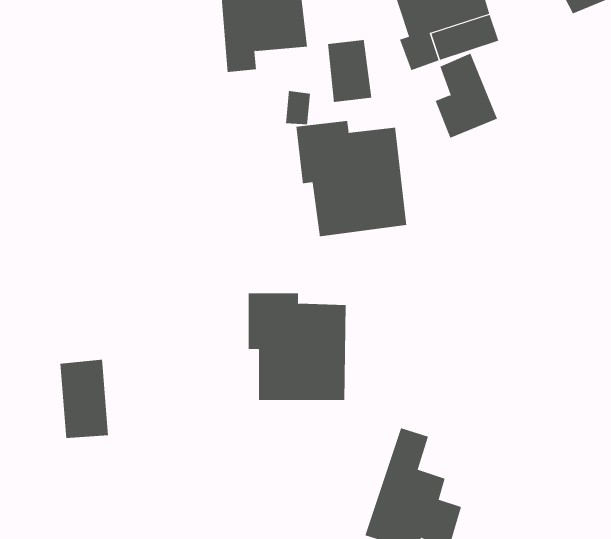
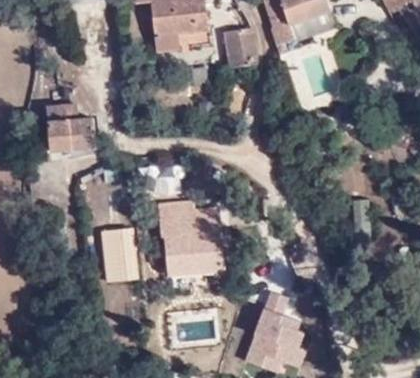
building: [296,120,407,237] -> none
building: none -> [47,104,97,148]
building: [59,359,109,438] -> [100,225,133,278]

